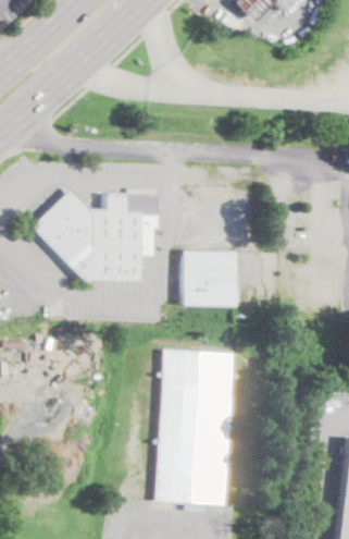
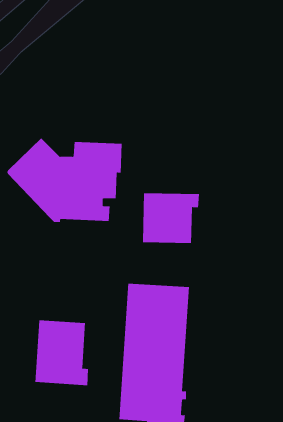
building: none -> [35,319,88,386]

